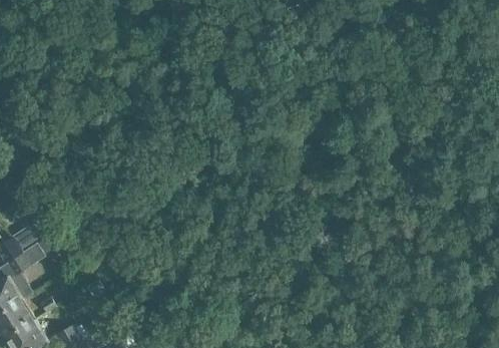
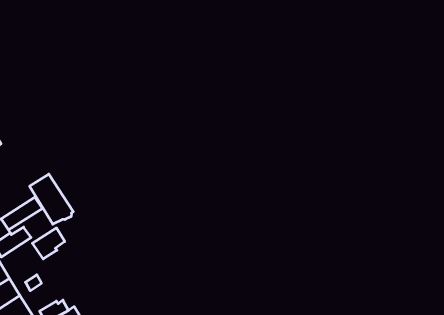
building: none -> [30,174,73,224]
building: none -> [32,228,65,259]

